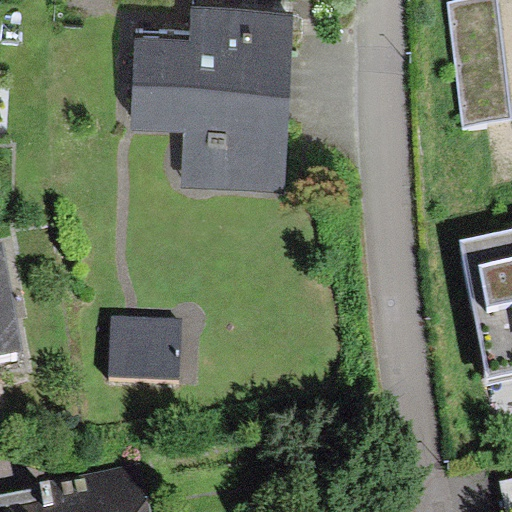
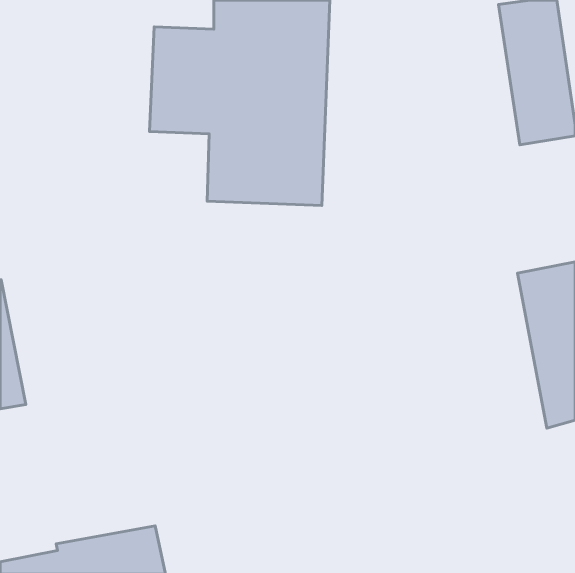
building: [112,322,179,384] -> none

